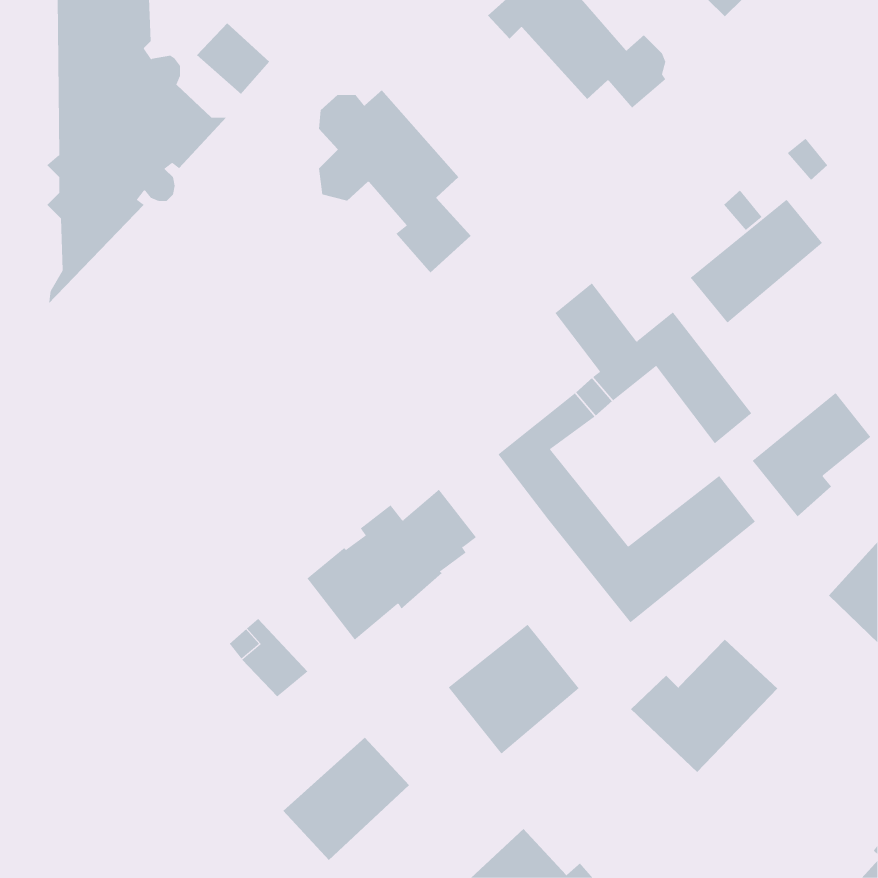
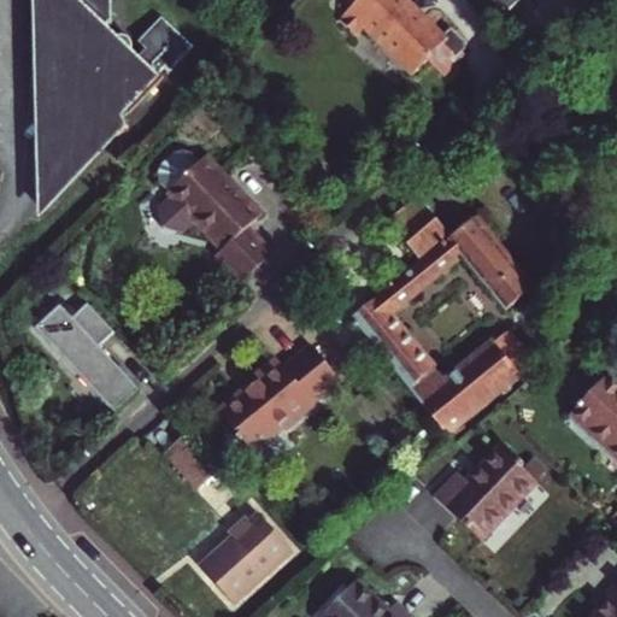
building: [318,89,471,274] -> [163,152,270,281]
building: [690,199,823,324] -> none
building: [752,392,871,517] -> none
building: none -> [37,299,140,409]
building: [448,624,579,754] -> none

